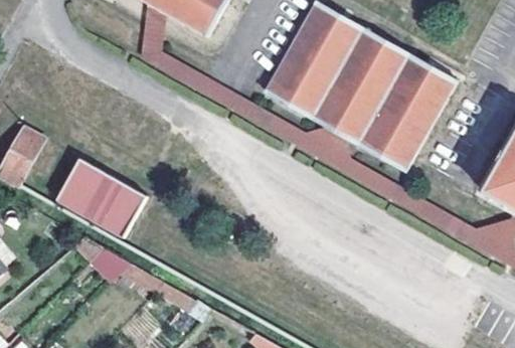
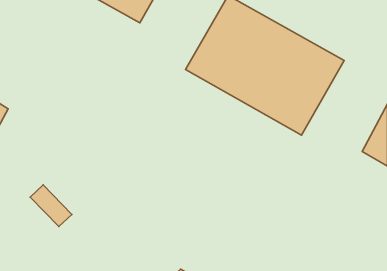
building: [57,159,148,238] -> none

